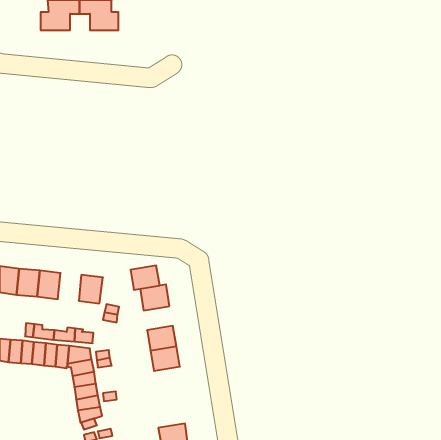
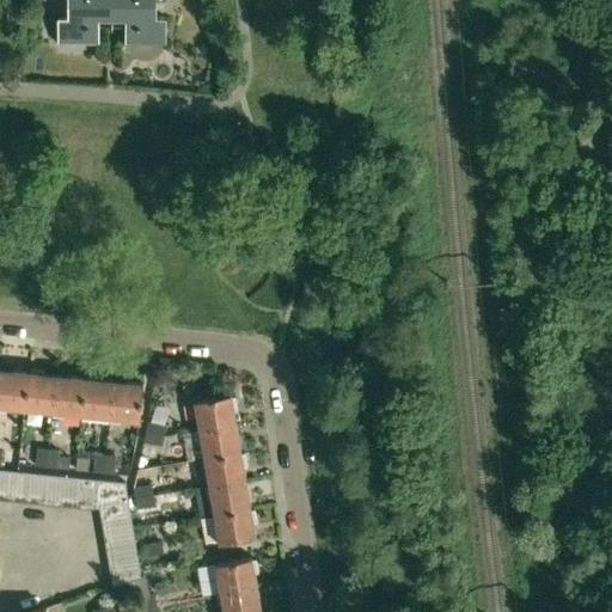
building: [130,266,160,290] -> [198,426,239,459]
building: none -> [80,380,112,418]
building: none -> [213,509,255,545]
building: none -> [214,558,256,594]

